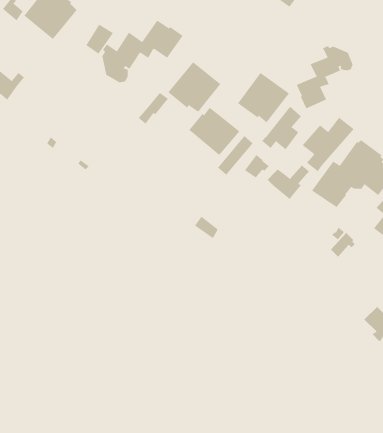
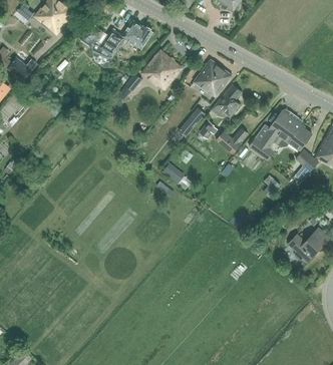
building: [296,43,353,109] -> none
building: [188,107,240,156] -> none
building: [302,117,355,172] -> none

